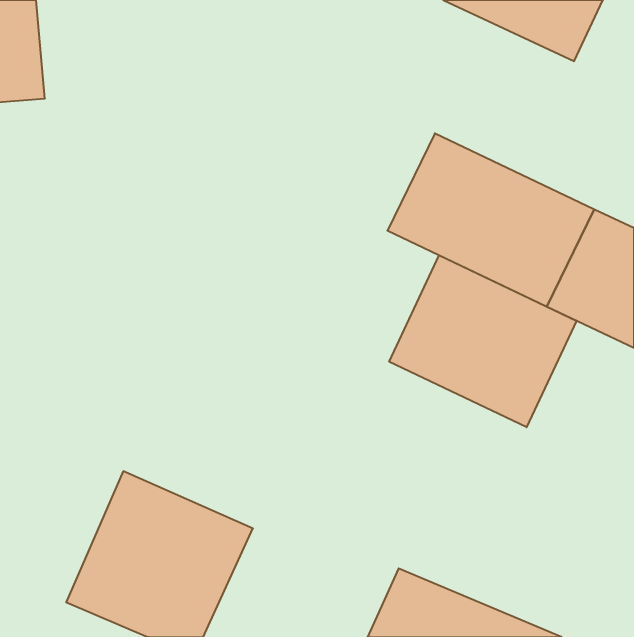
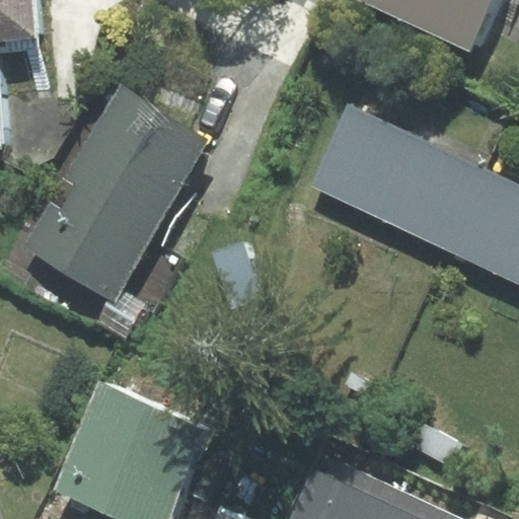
building: none -> [24,87,208,298]
building: [389,255,576,427] -> none

